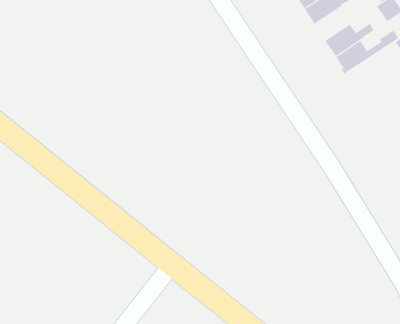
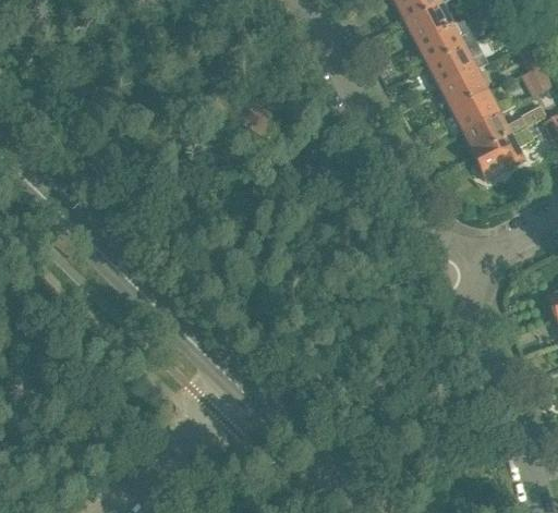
building: none -> [441,69,487,111]
building: none -> [473,127,533,179]

